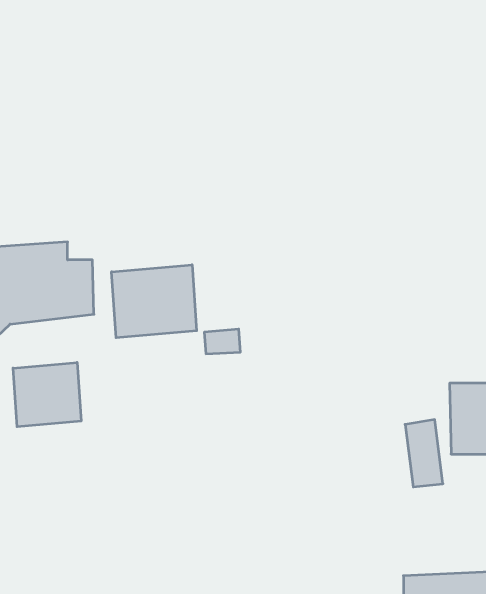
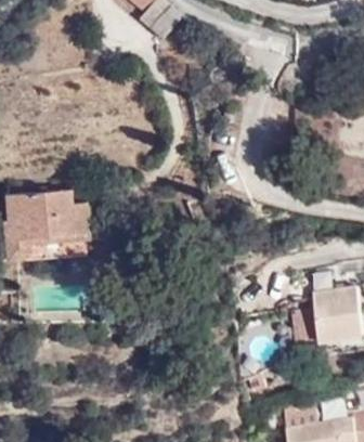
building: [112,265,197,338] -> none
building: [13,362,81,427] -> none

